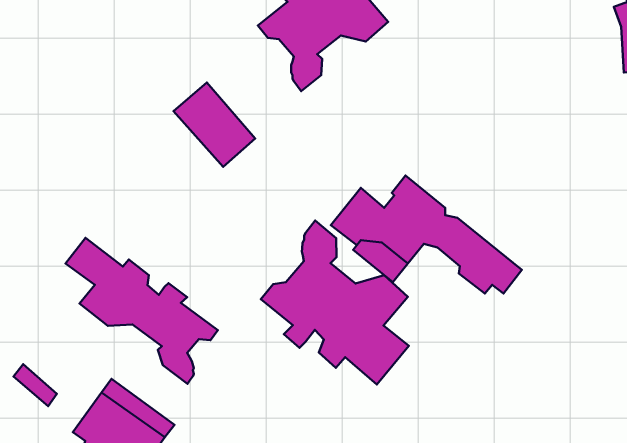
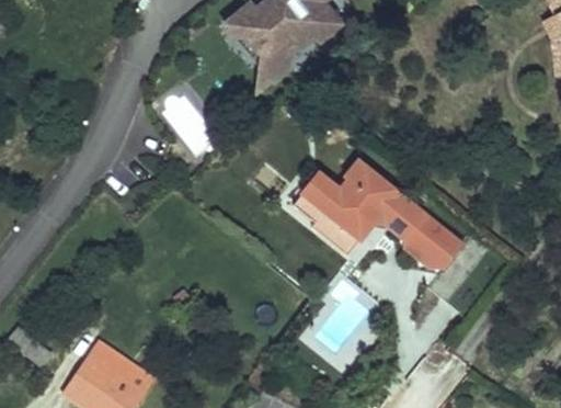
building: [261,221,409,385] -> none
building: [66,238,218,384] -> none

